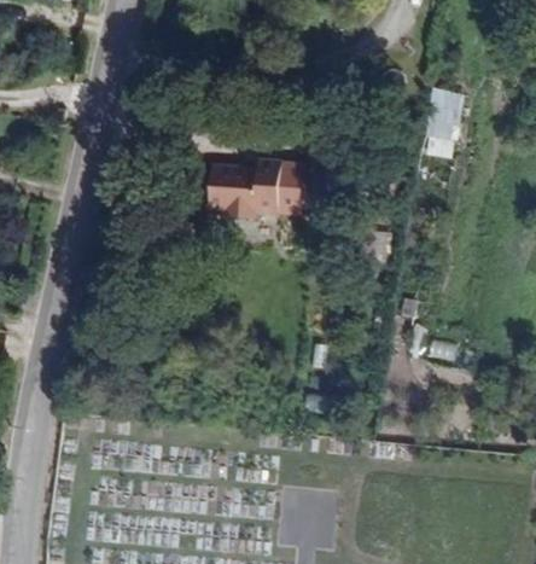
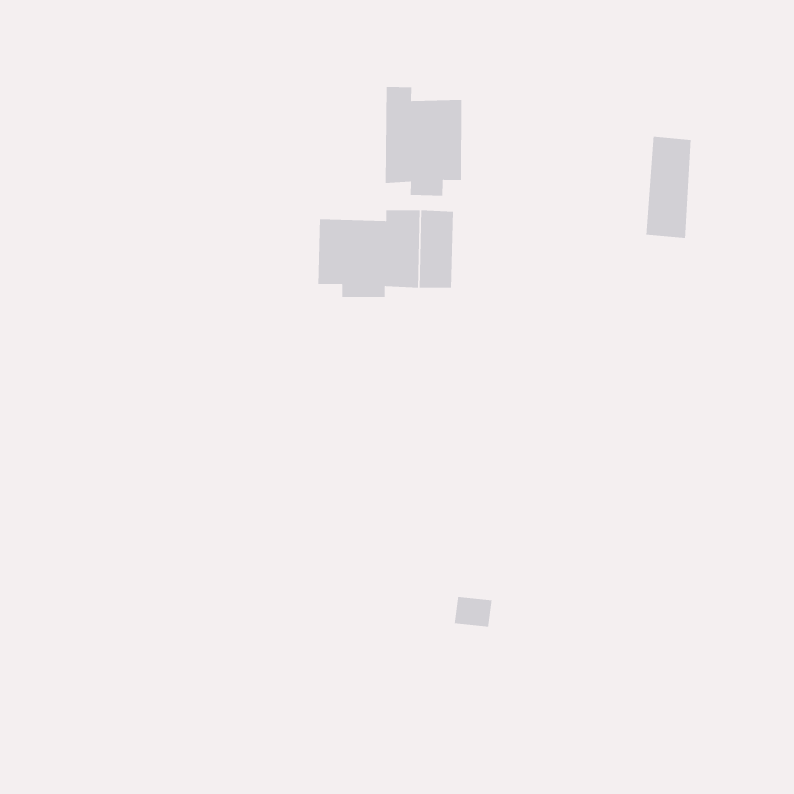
building: none -> [385,86,462,196]

